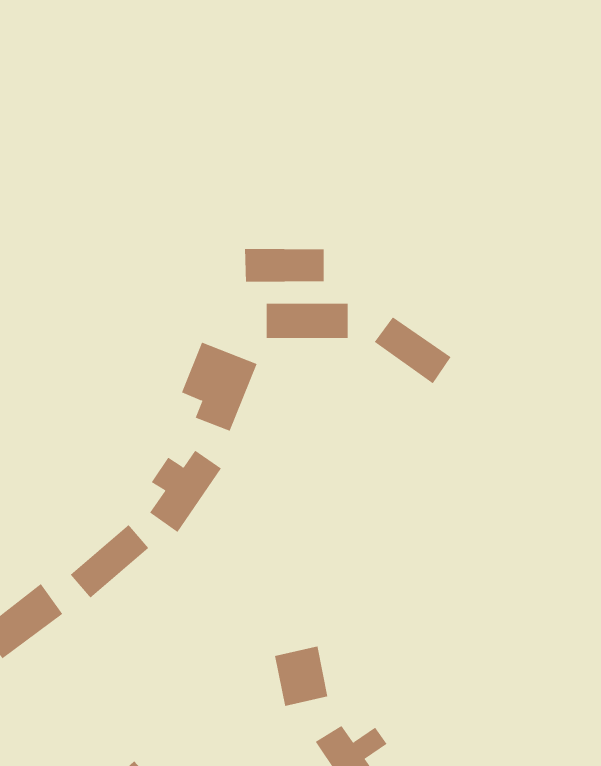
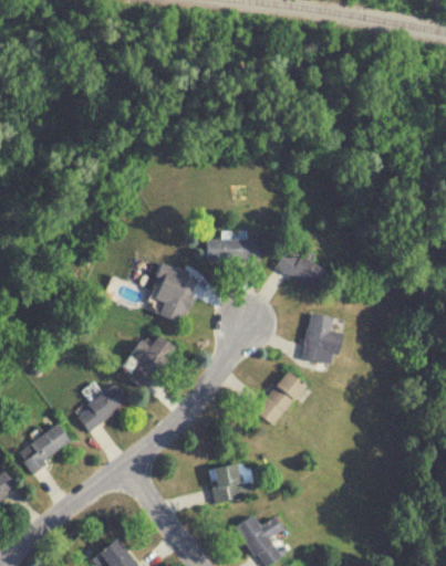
building: [244,248,324,282] -> none
building: none -> [301,313,343,364]
building: none -> [255,370,305,424]

